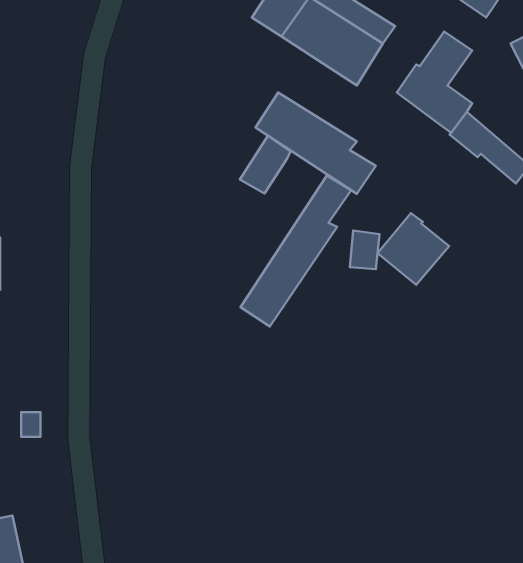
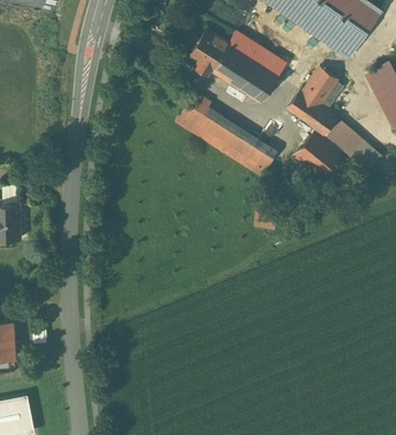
building: [240,136,291,193] -> [174,94,209,133]
building: [240,175,351,327] -> none
building: [378,213,449,285] -> [293,130,341,179]

